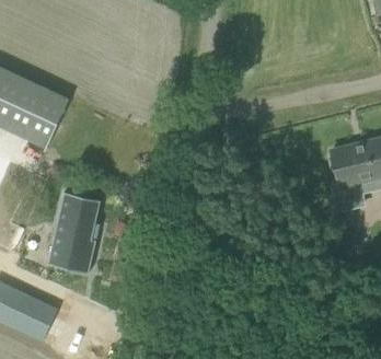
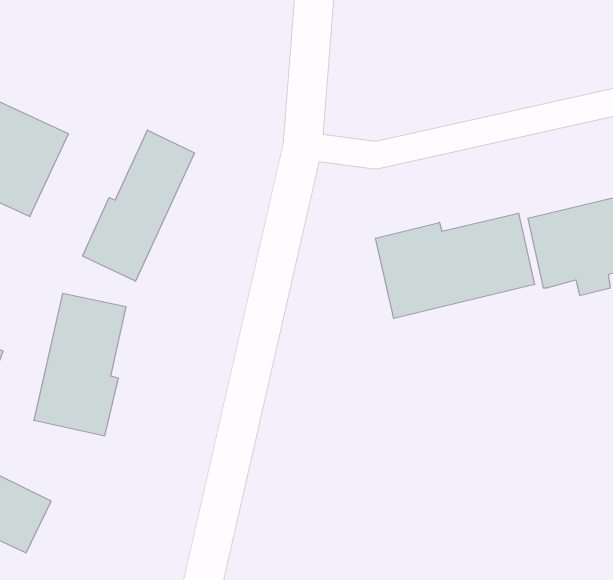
building: none -> [83,130,195,281]
building: none -> [375,213,535,318]

